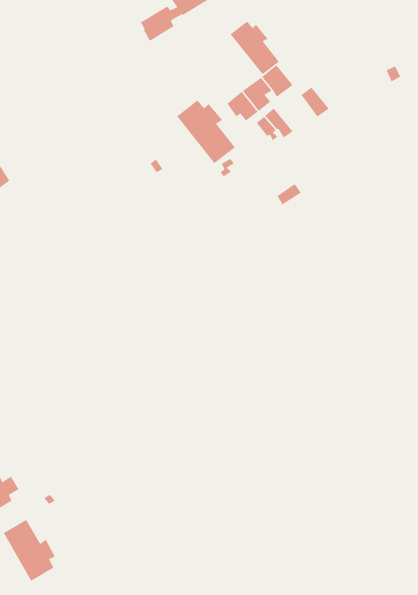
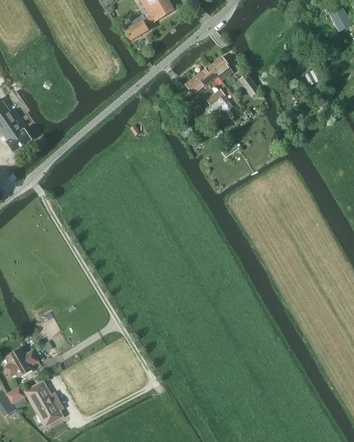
building: [230,21,280,75] -> none
building: [176,100,236,164] -> none

